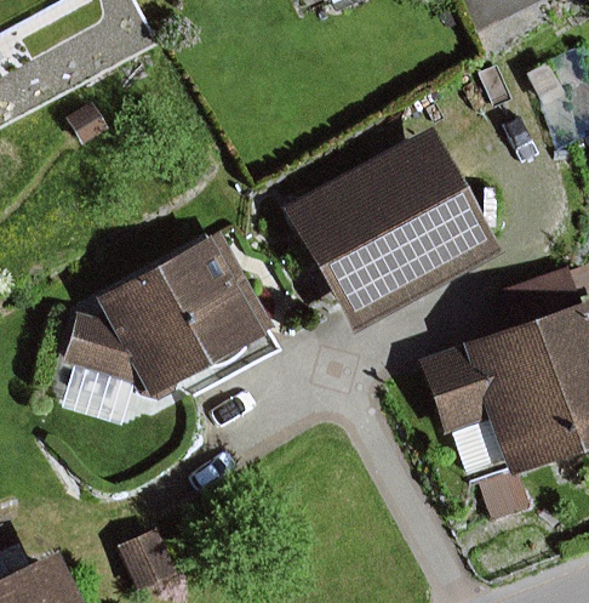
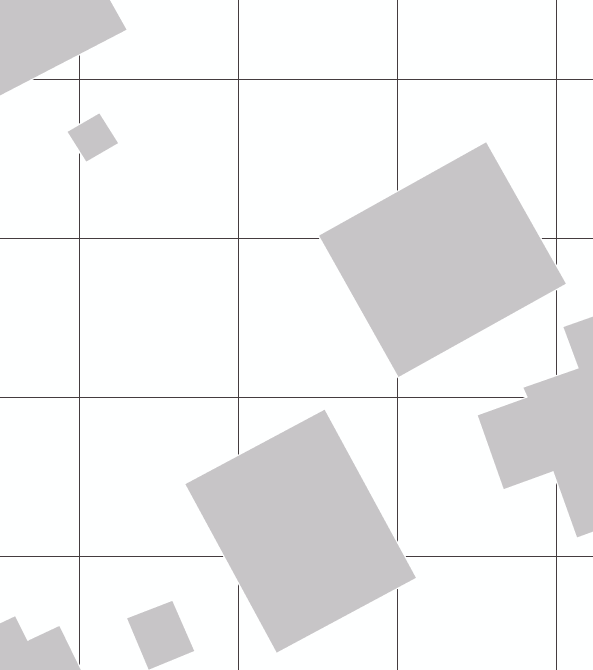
building: [63,233,273,400] -> none
building: none -> [185,409,417,653]

